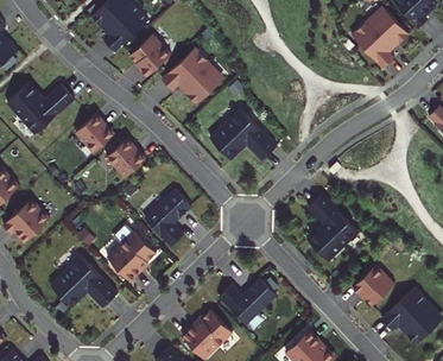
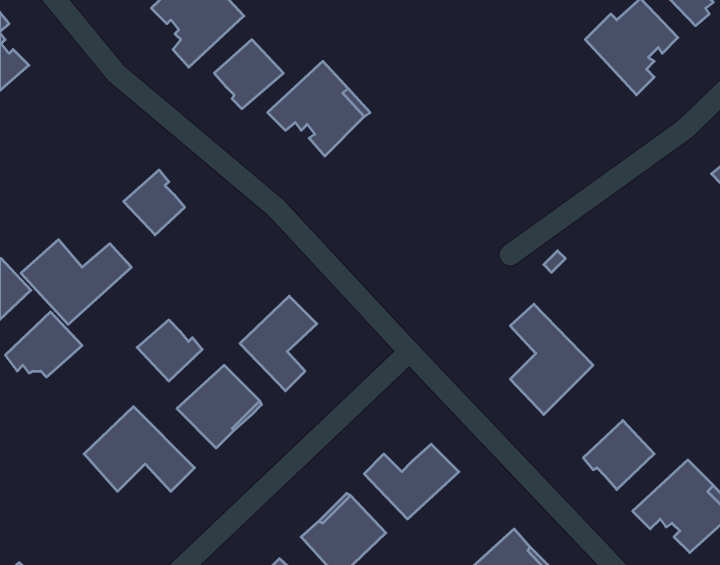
building: [7,82,74,133] -> [21,240,131,324]
building: [210,108,277,159] -> none
building: [106,140,145,177] -> [137,320,202,381]

